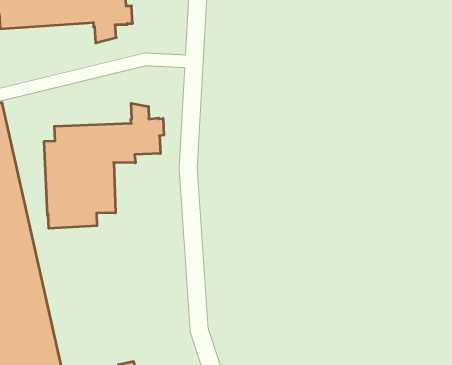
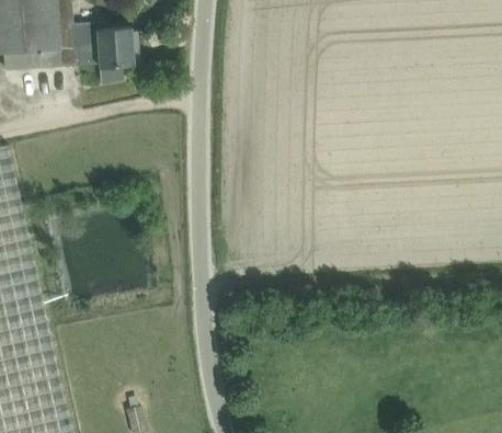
building: [44,103,164,228] -> none

